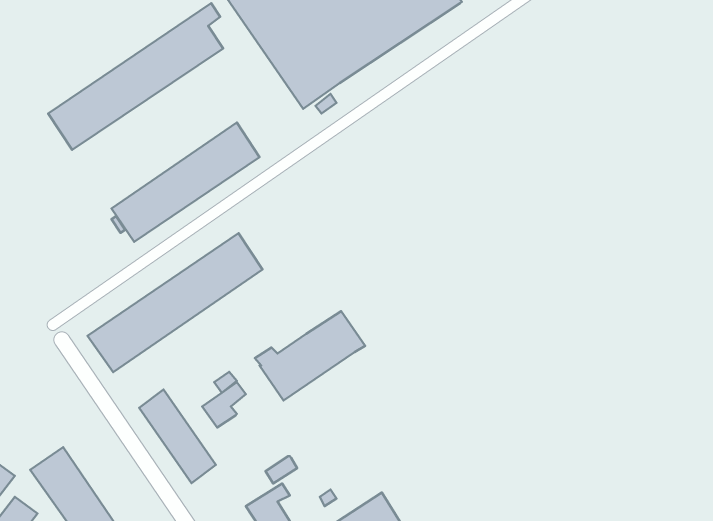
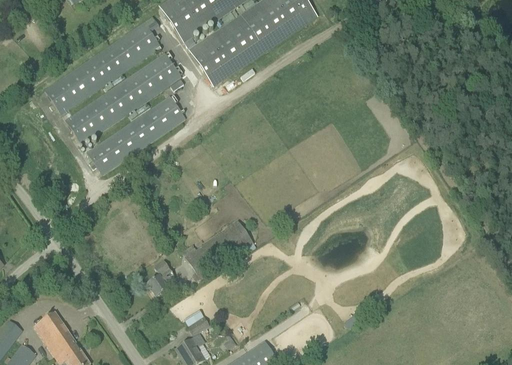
building: [87,233,263,372] -> [65,52,181,144]
building: [139,390,216,483] -> none

